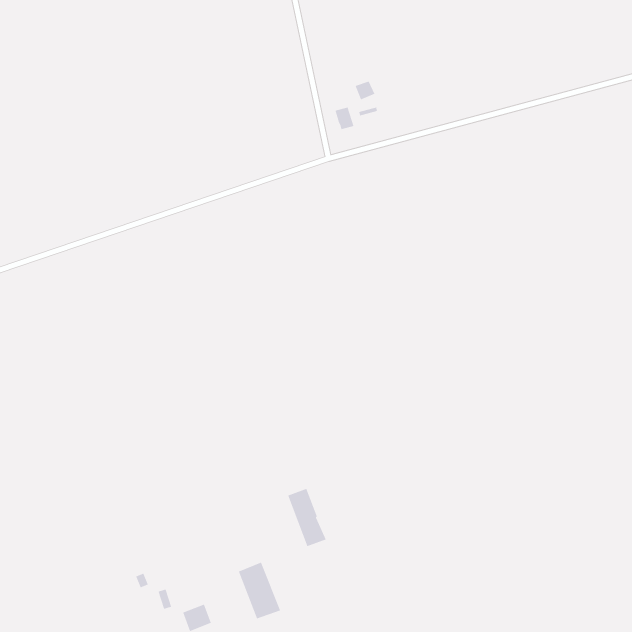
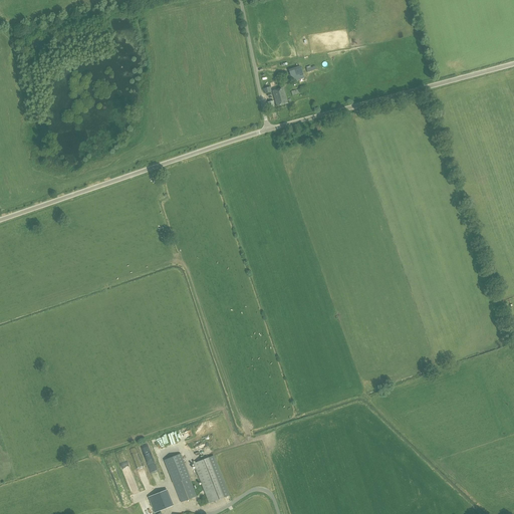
building: [287,488,327,547] -> [164,453,196,501]

